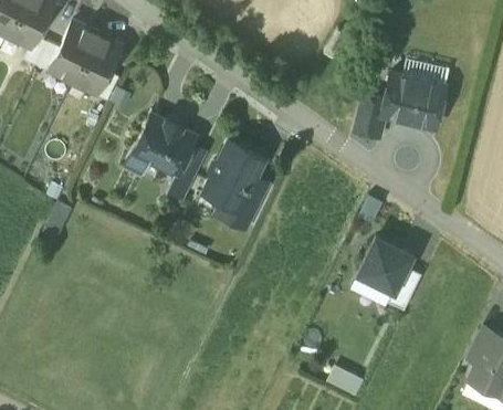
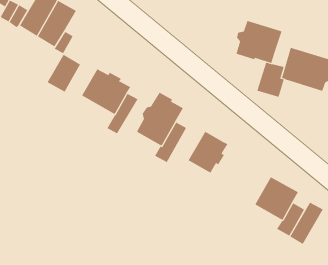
building: none -> [236,20,282,64]
building: none -> [47,54,81,93]
building: none -> [188,131,228,173]
building: none -> [290,202,324,245]

